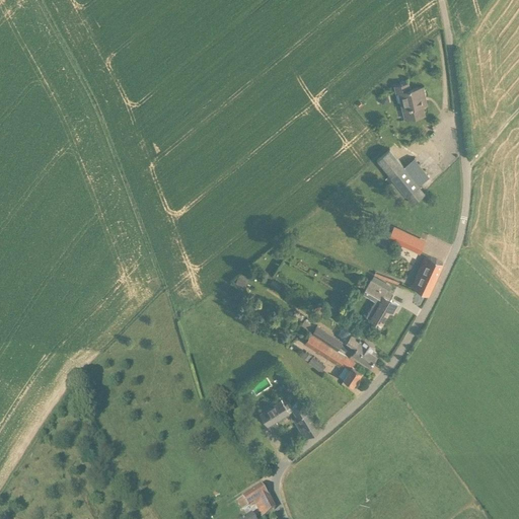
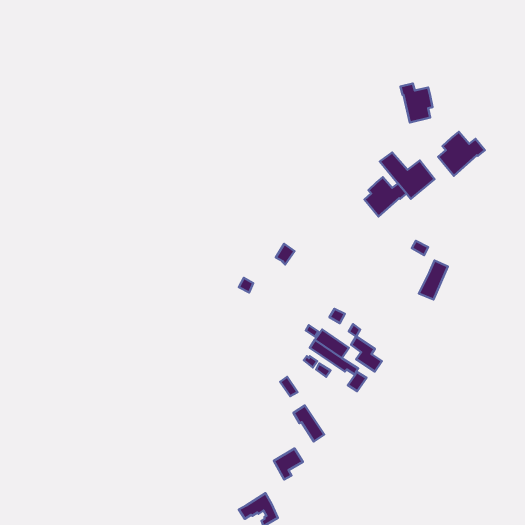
building: none -> [438,132,485,176]
building: none -> [364,177,406,217]
building: [362,281,397,327] -> none
building: [260,401,288,432] -> [274,449,303,479]

